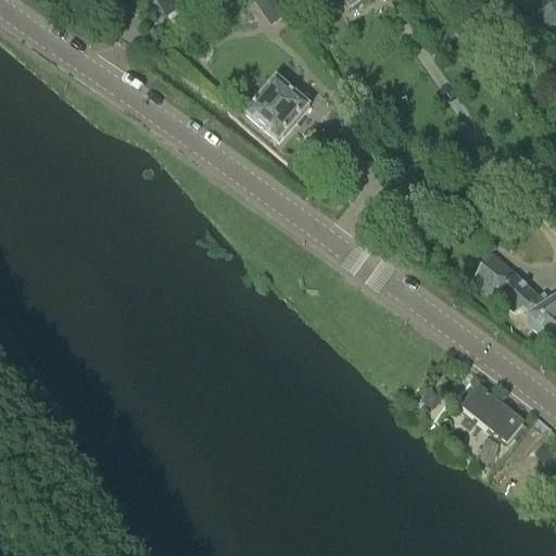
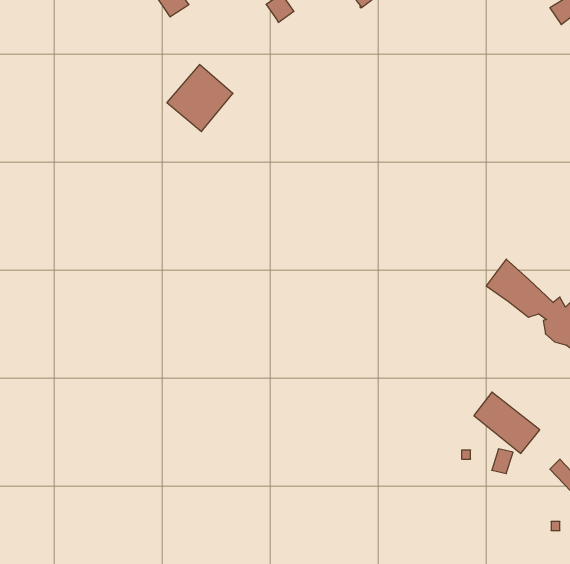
building: [245,74,309,139] -> [167,65,233,132]

